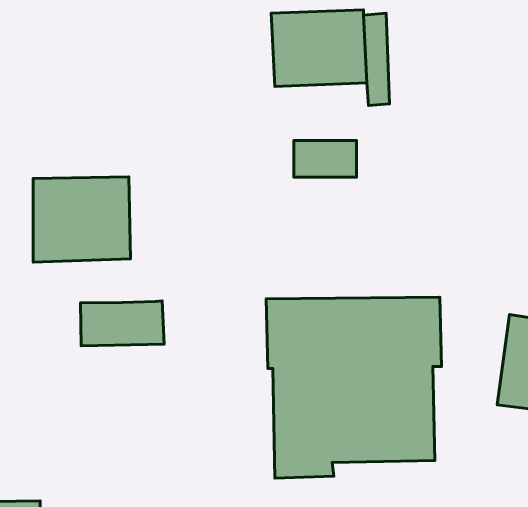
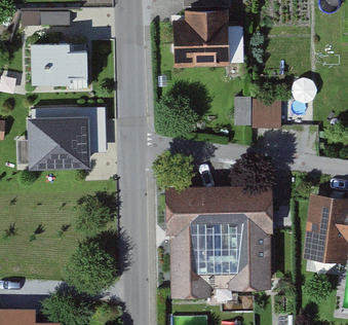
building: none -> [32,43,86,87]
building: [294,141,356,177] -> [238,101,275,122]
building: [81,301,164,346] -> none

